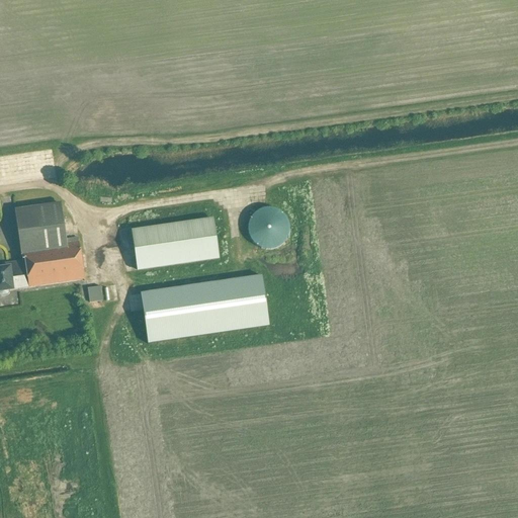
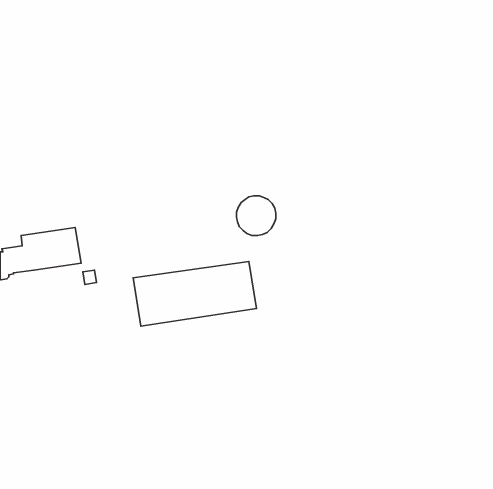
building: [15,196,65,247] -> none
building: [131,217,219,269] -> none

